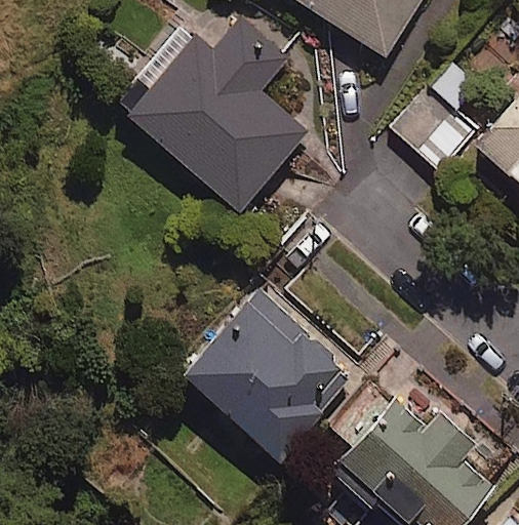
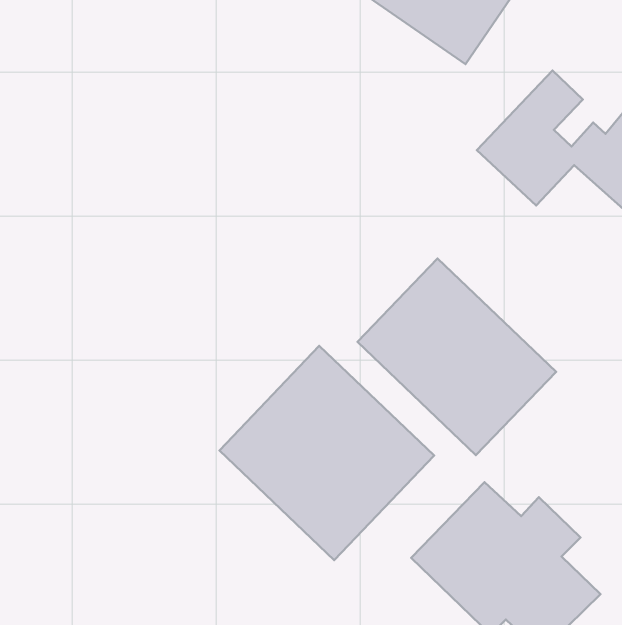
building: [120,16,307,211] -> none
building: none -> [357,259,556,455]

